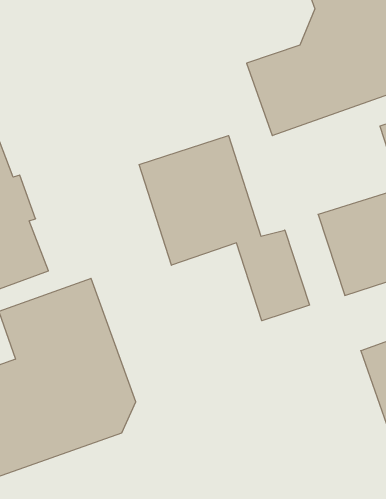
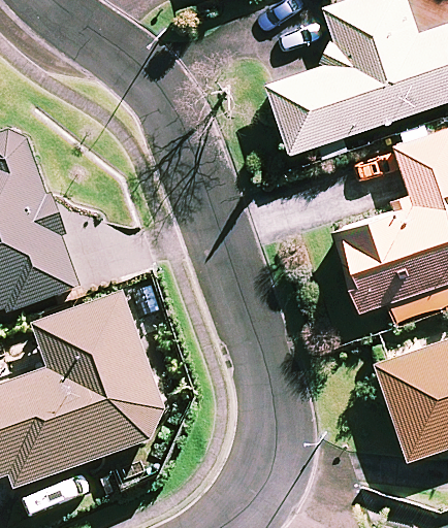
building: [139,136,309,321] -> none

